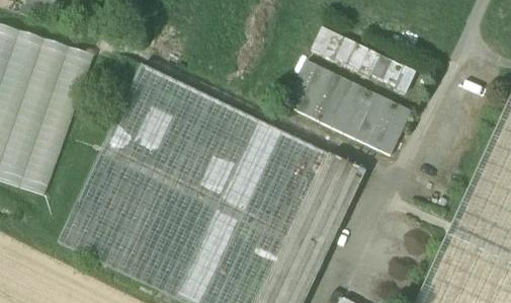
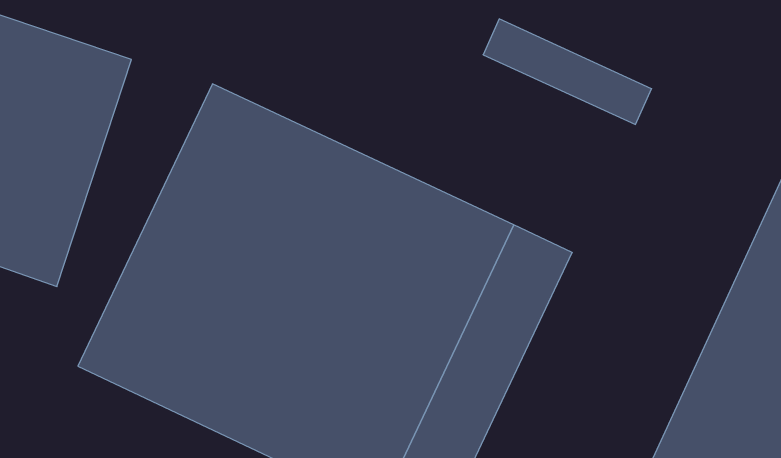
building: [284,60,410,152] -> none

